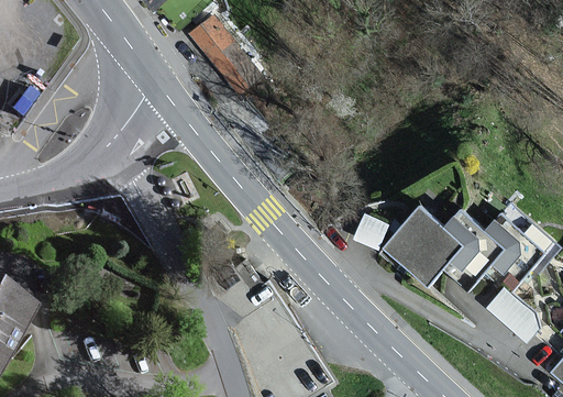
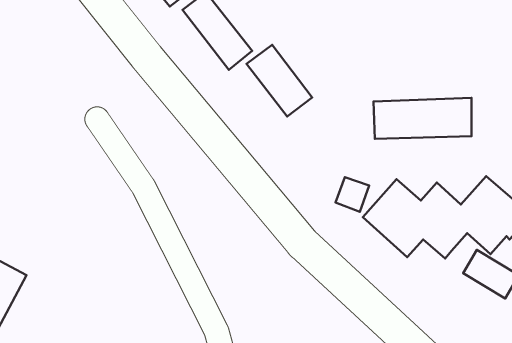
building: none -> [246,45,312,117]
building: none -> [374,98,472,139]

